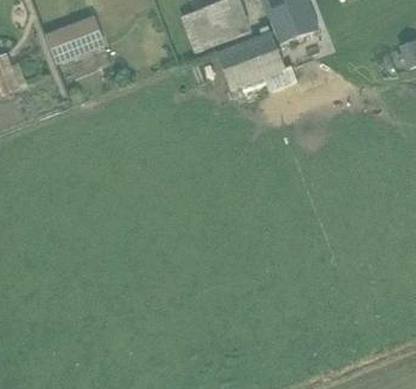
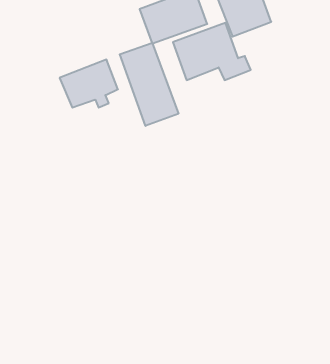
building: [43,11,105,61] -> [60,60,118,108]
building: none -> [120,43,178,126]

